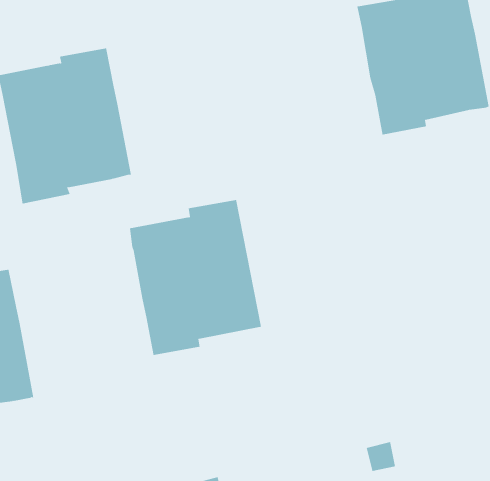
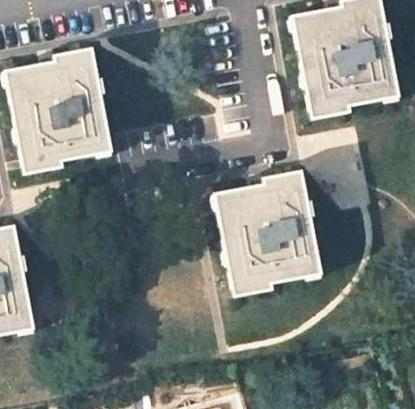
building: [129,199,262,356] -> [215,171,321,296]

